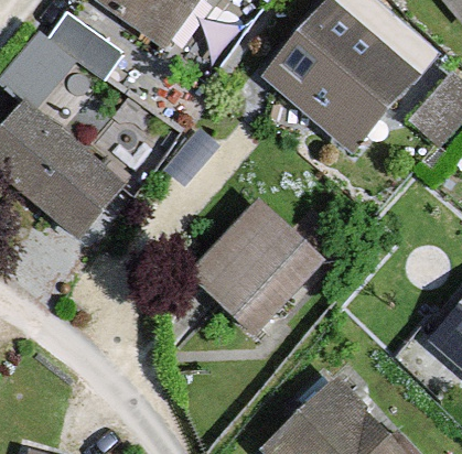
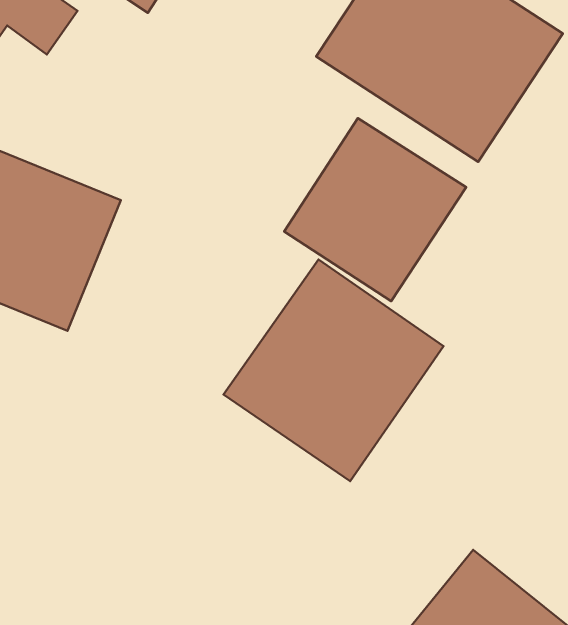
building: none -> [284,118,466,301]

